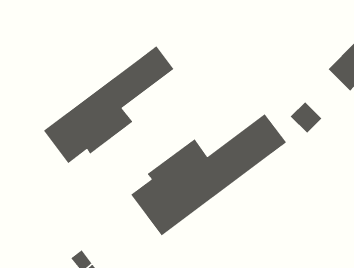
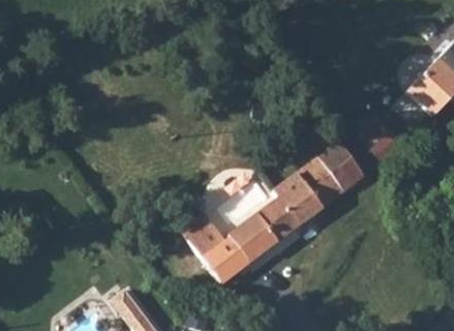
building: [43,45,174,164] -> none

